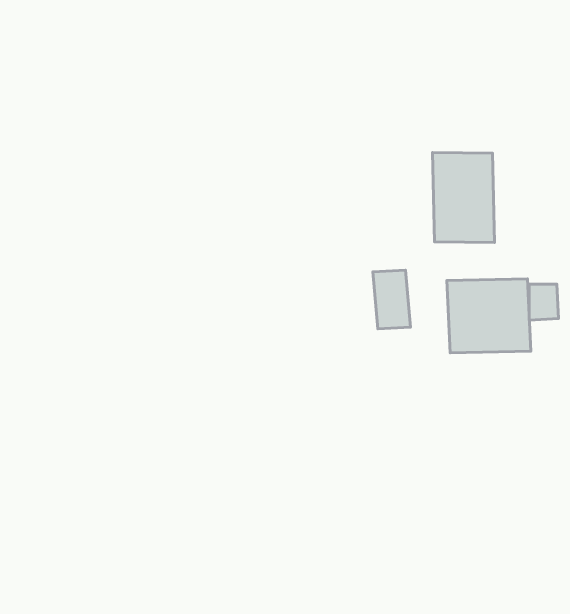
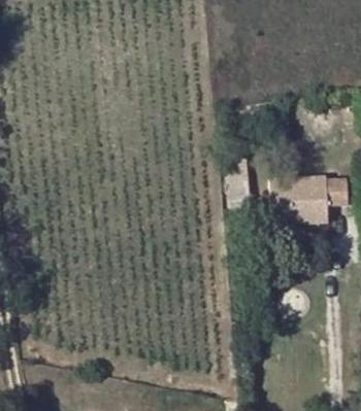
building: [432,152,494,243] -> none

